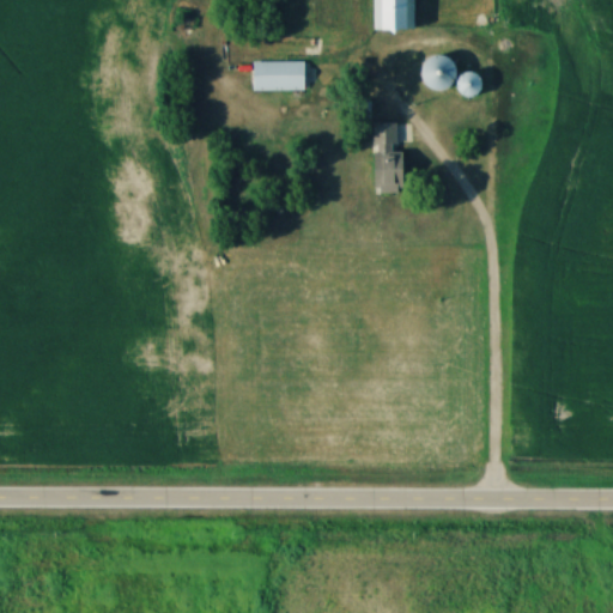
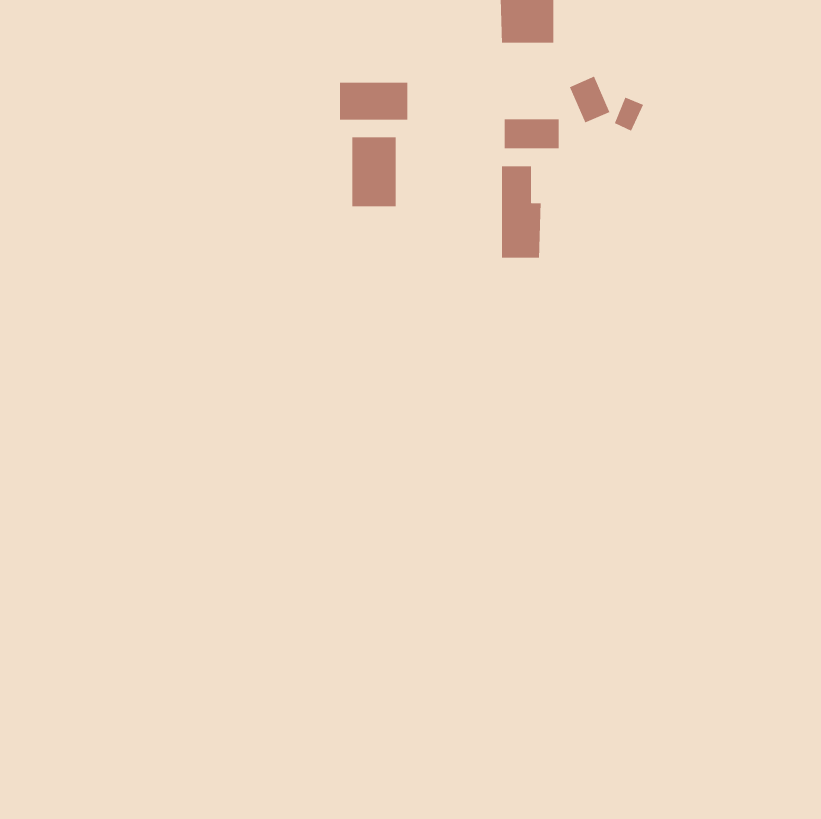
building: none -> [504,118,559,149]
building: none -> [352,136,396,207]

